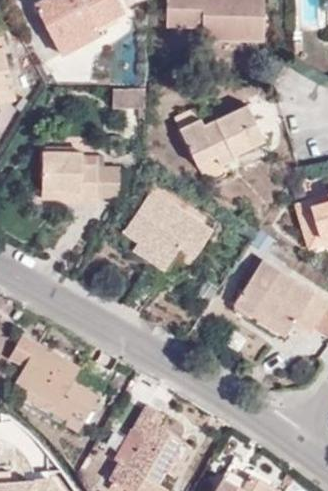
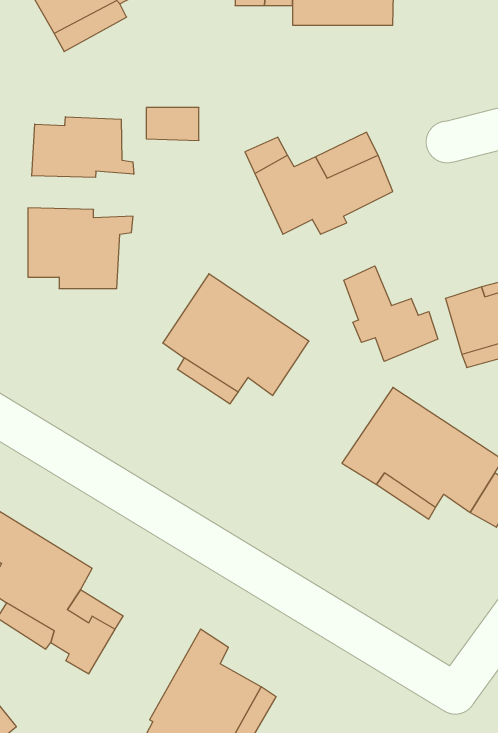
building: none -> [32,117,134,177]
building: [95,165,120,199] -> none
building: none -> [344,266,438,361]

